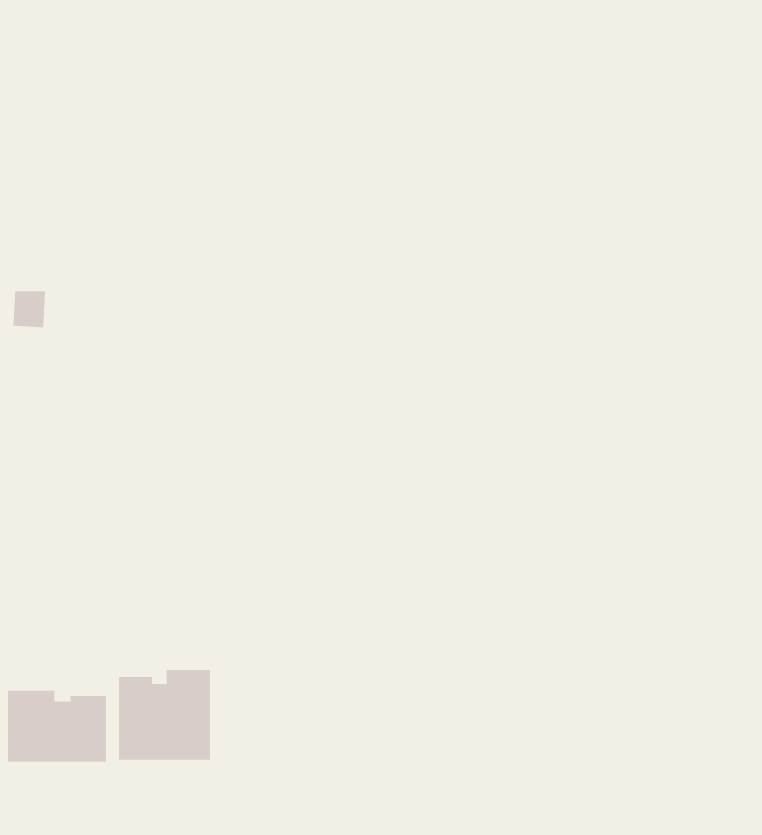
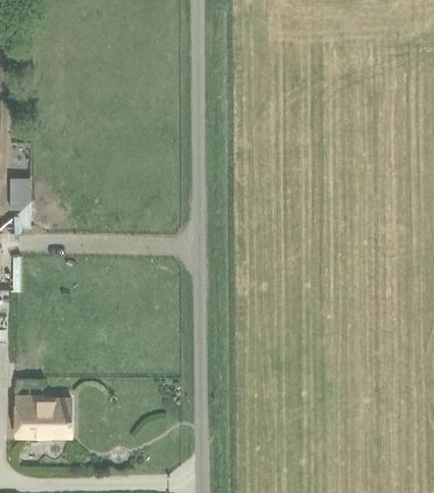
building: [118,669,211,760] -> none

